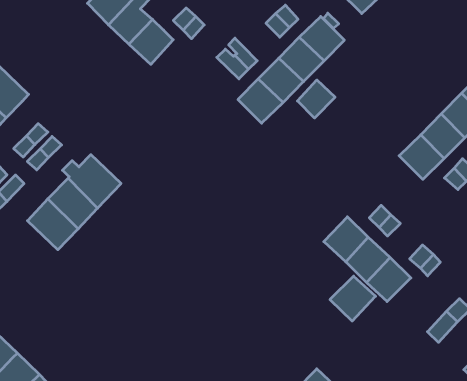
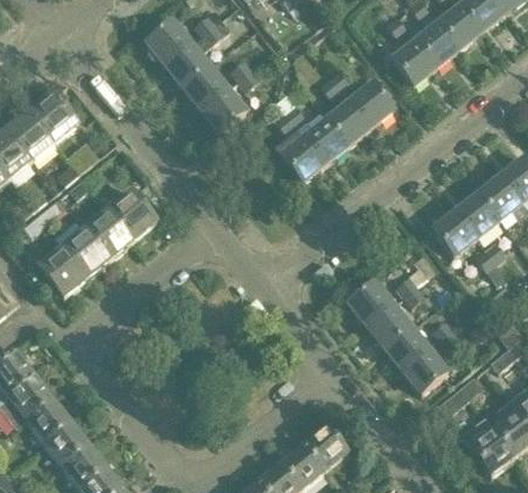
building: none -> [201,87,244,131]
building: [297,80,335,118] -> none
building: none -> [37,246,87,297]
building: [330,276,376,321] -> [402,349,447,393]

